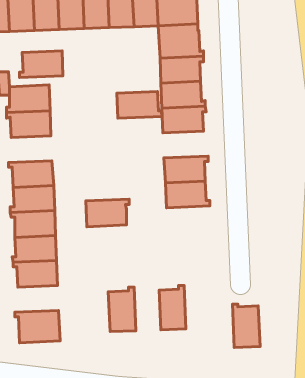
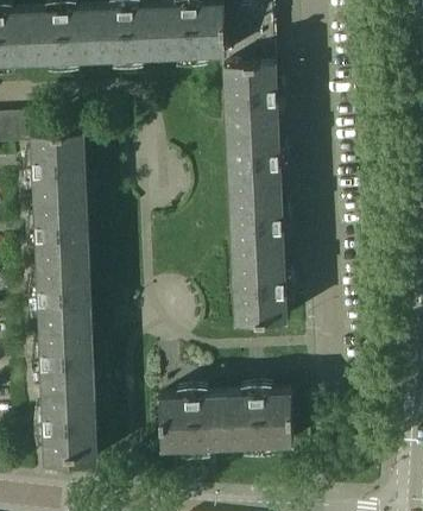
building: [20,51,63,78] -> [30,195,86,229]
building: [117,91,162,118] -> [228,189,286,223]
building: [86,199,129,227] -> [233,285,289,321]
building: none -> [38,387,94,422]
building: none -> [191,390,226,446]
building: [232,304,260,347] -> [255,387,291,443]

